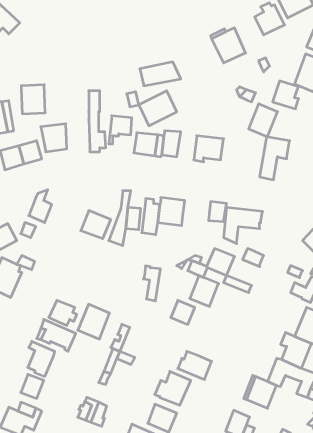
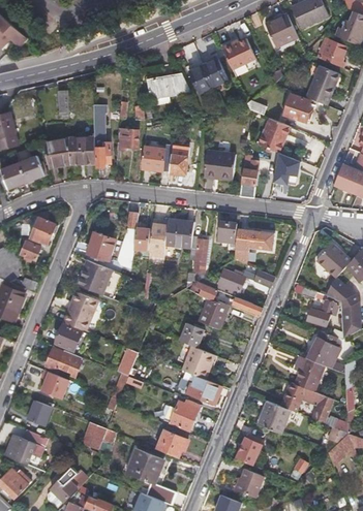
building: [21,85,45,114] -> [71,135,96,165]
building: [139,91,177,126] -> [189,58,229,94]
building: none -> [239,160,260,197]
building: none -> [75,258,110,292]
building: [143,266,160,301] -> [190,234,208,270]
building: [78,304,110,339] -> [62,293,95,329]
building: none -> [183,345,217,379]

